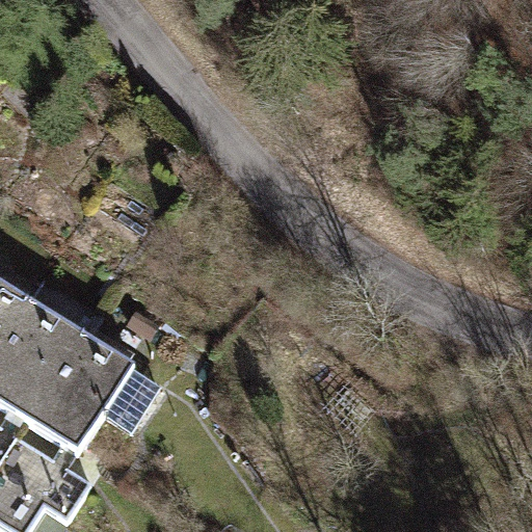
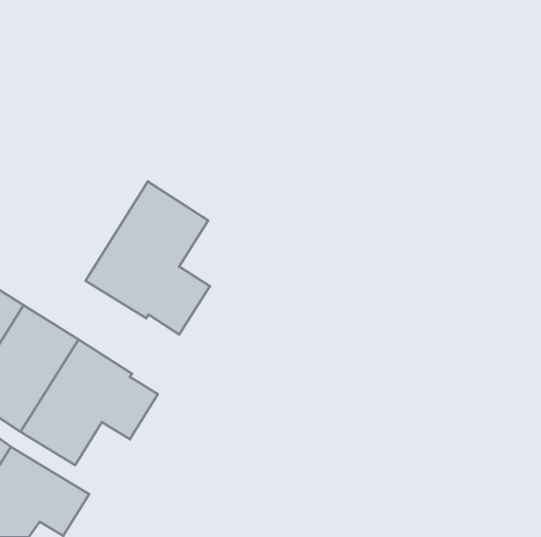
building: none -> [86,181,210,334]

